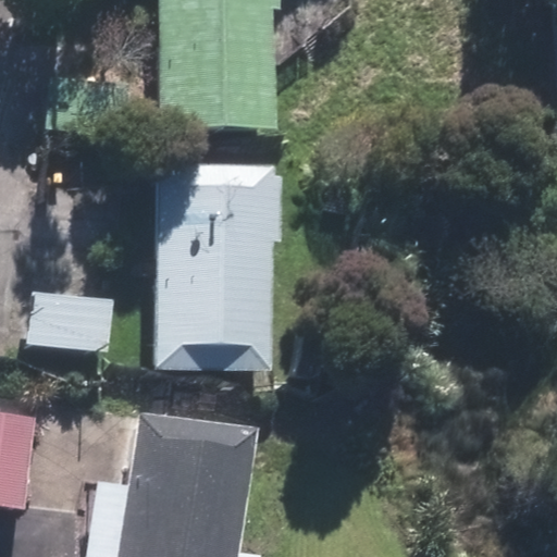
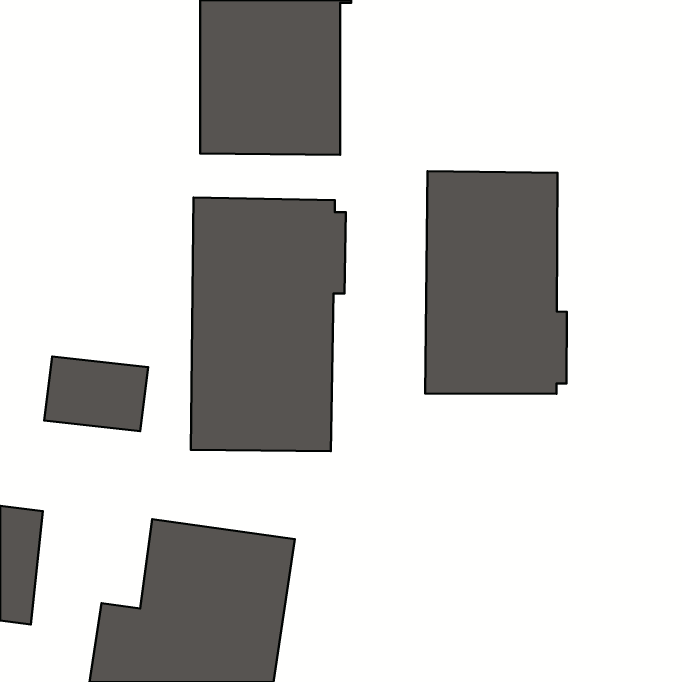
building: none -> [425,171,567,394]

